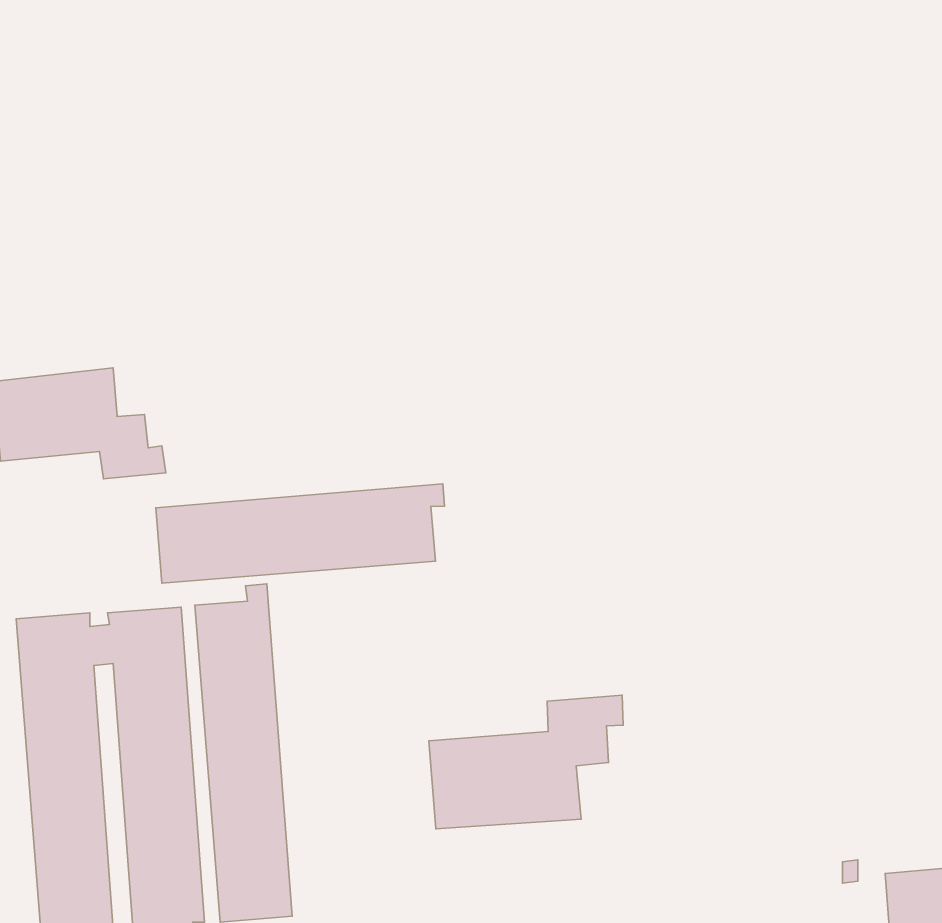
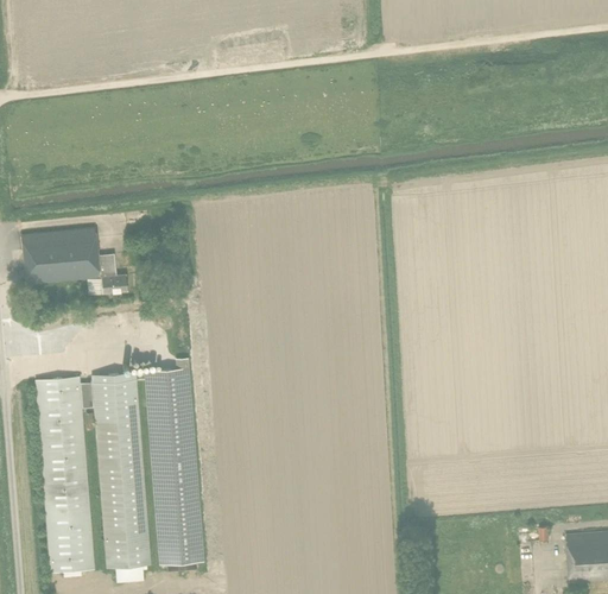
building: [156,484,444,583] -> none
building: [429,695,623,829] -> none

